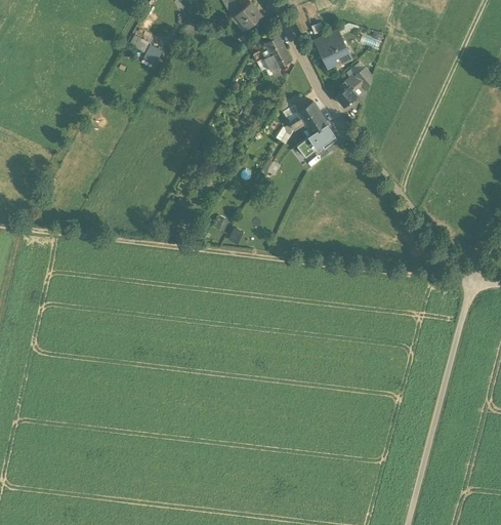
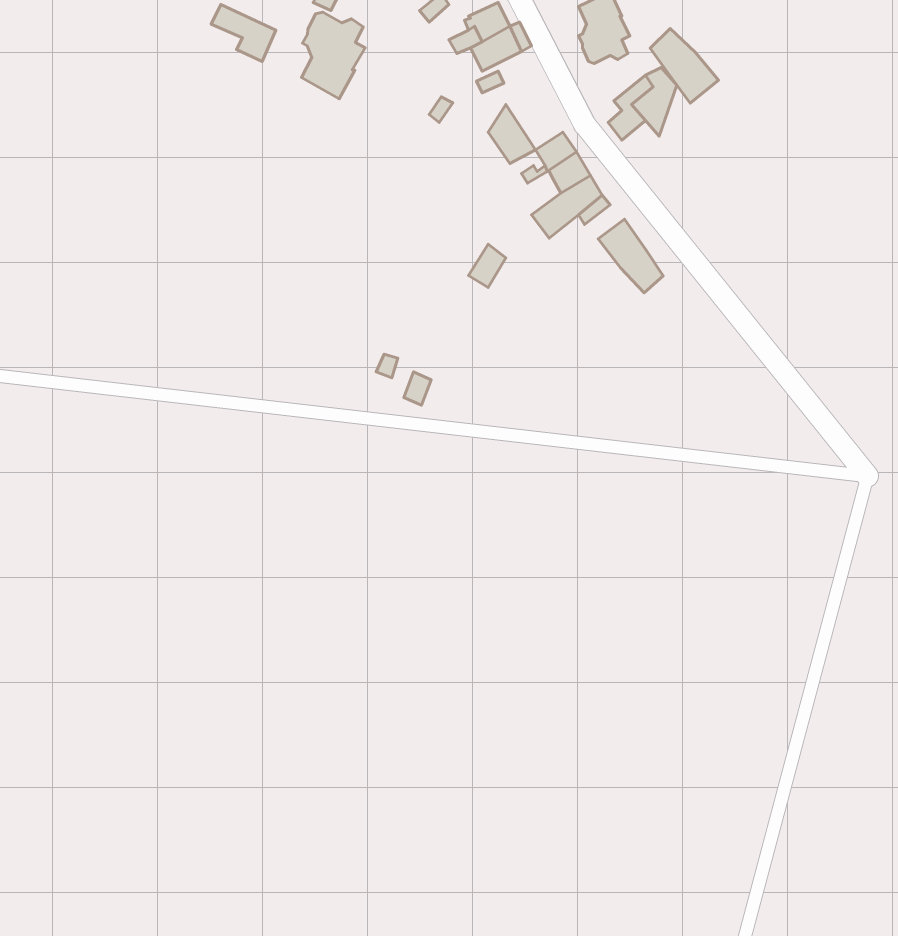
building: none -> [301,12,365,99]
building: none -> [650,28,719,103]
building: none -> [598,219,663,293]

